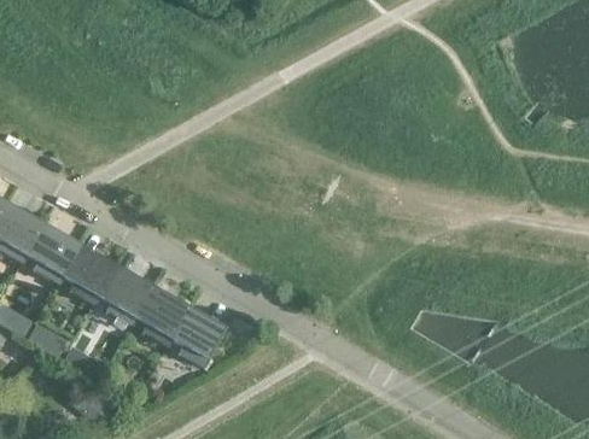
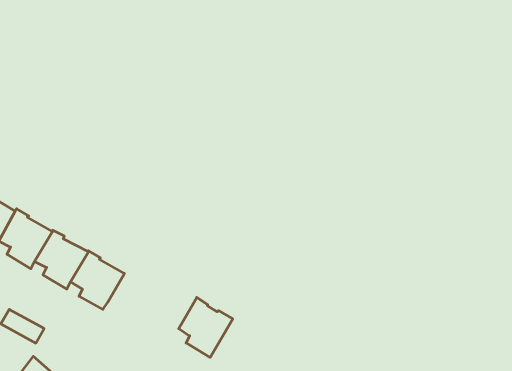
building: [169,304,223,364] -> [179,297,233,357]

